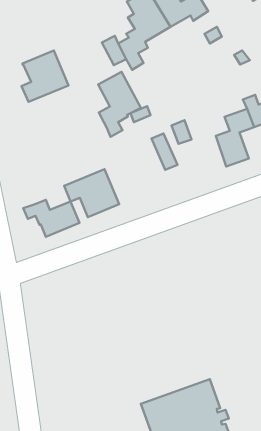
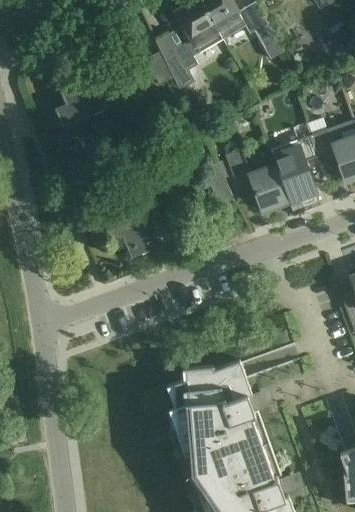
building: [98,72,141,137] -> none
building: none -> [249,166,289,211]
building: [23,200,79,237] -> none
building: none -> [166,360,270,473]

